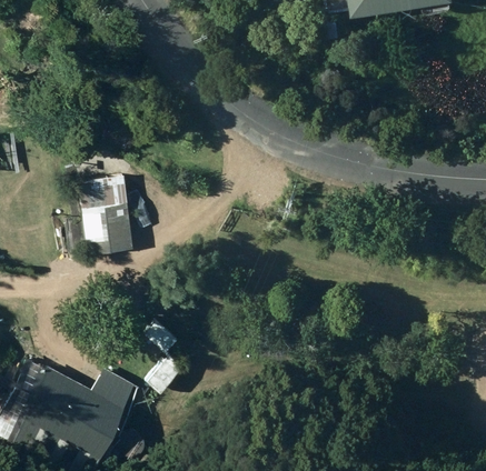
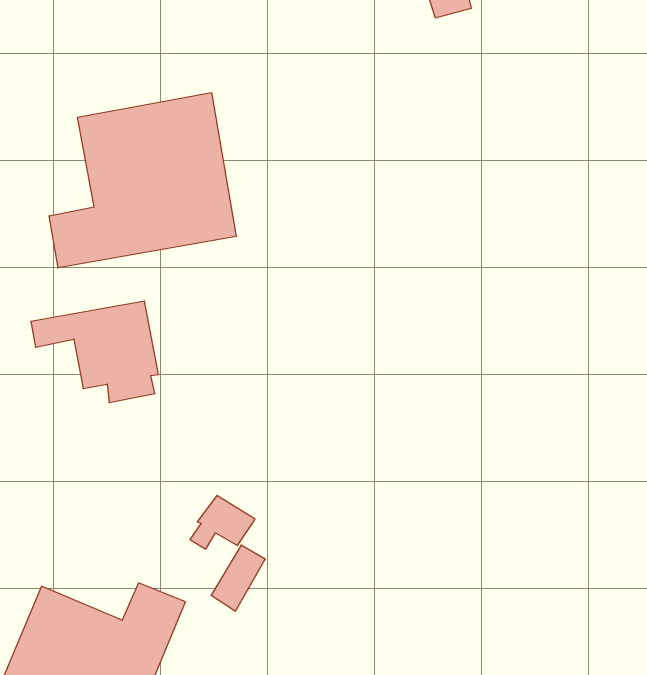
building: none -> [49,93,236,268]

